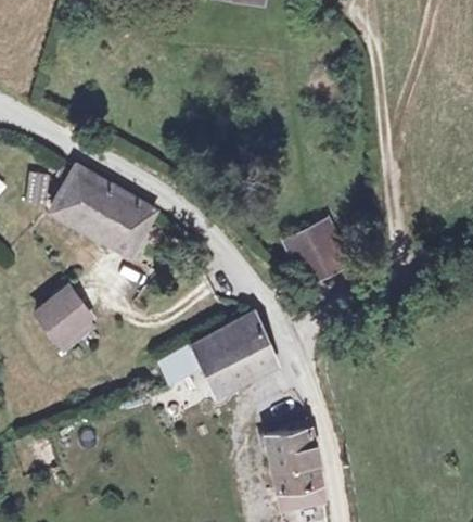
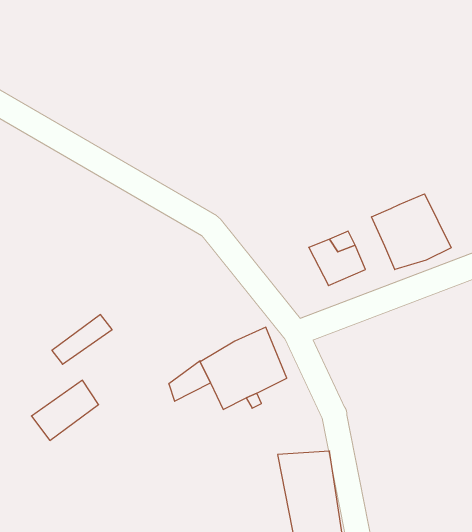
building: [55,167,157,252] -> none
building: none -> [372,194,451,270]
building: [34,278,97,334] -> [31,380,99,440]

